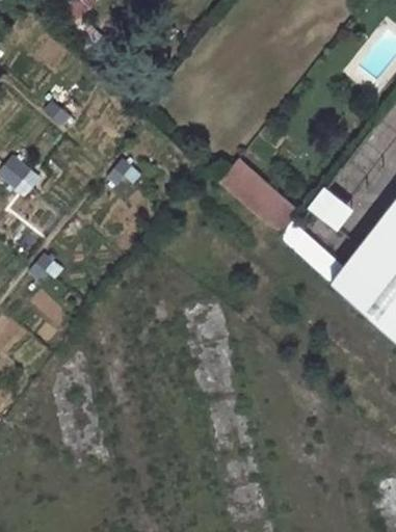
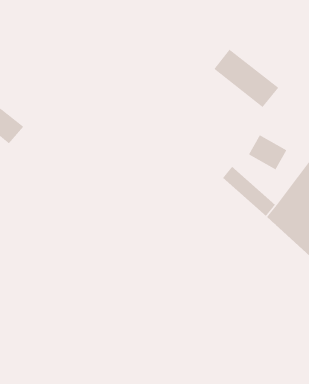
building: [220,160,299,231] -> [213,49,279,108]

